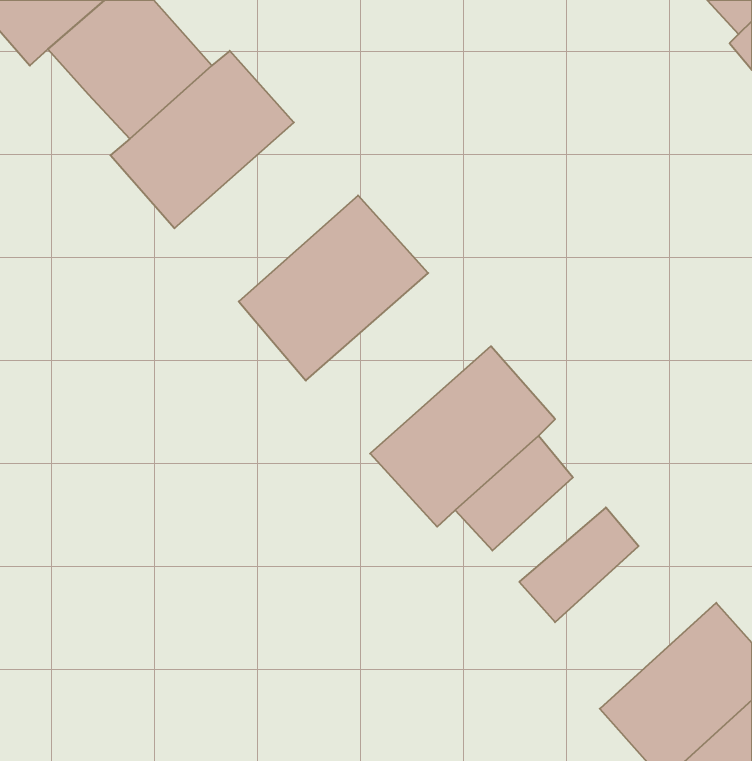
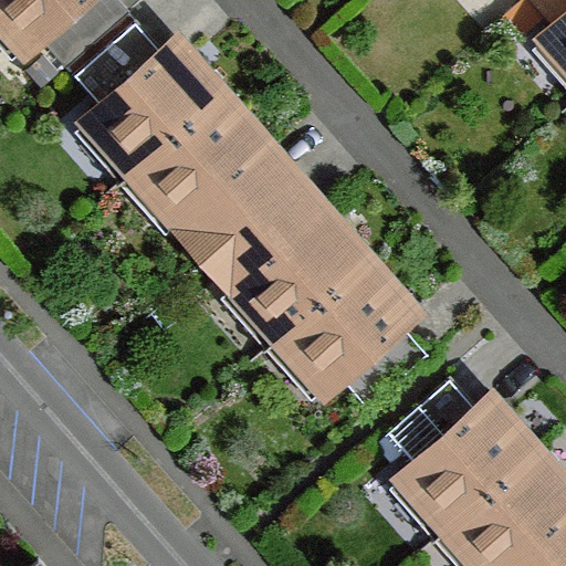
building: none -> [129,92,265,224]
building: none -> [227,203,364,337]
building: none -> [398,396,531,526]

